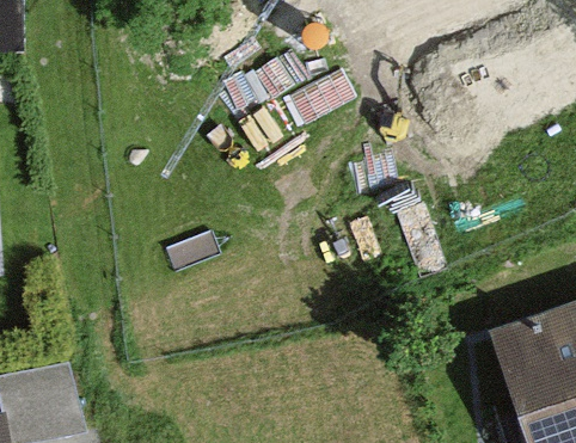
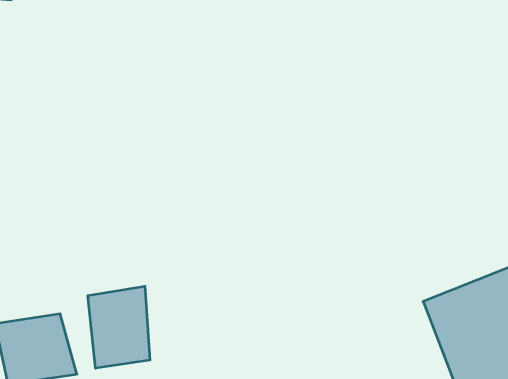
building: none -> [88,286,150,368]

